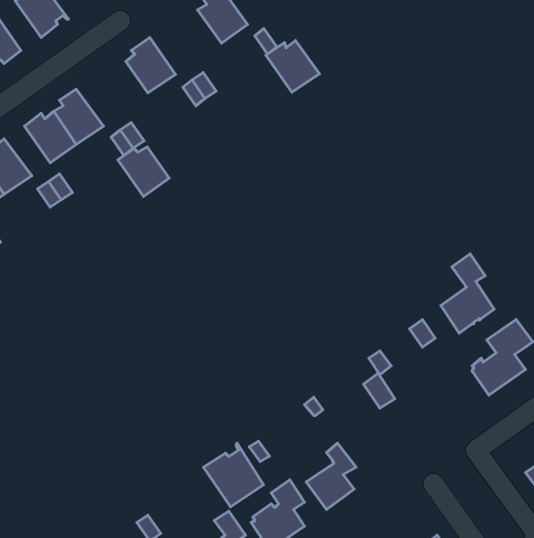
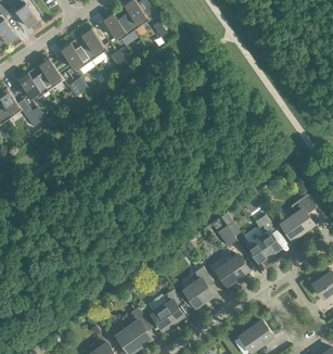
building: [266,41,319,92] -> [102,12,133,42]
building: [118,147,169,197] -> [60,42,90,72]
building: [441,254,494,333] -> [247,215,279,262]
building: none -> [216,255,247,285]
building: [203,443,263,507] -> none

